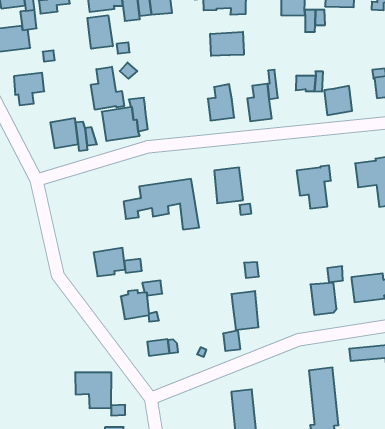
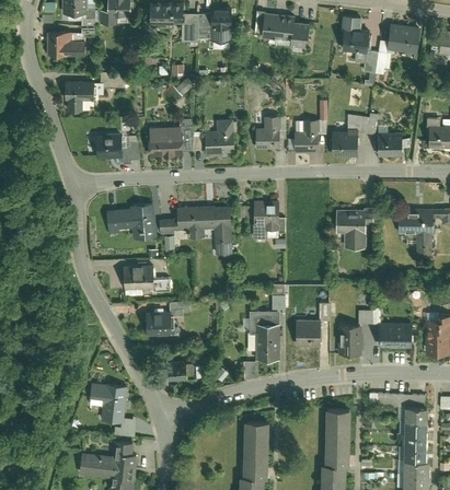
building: [87,15,113,49] -> none
building: [210,32,244,56] -> none
building: [91,67,124,110] -> none
building: none -> [333,129,356,156]
building: none -> [206,118,236,153]
building: none -> [108,203,158,237]
building: none -> [251,310,279,334]
building: none -> [296,319,320,346]

